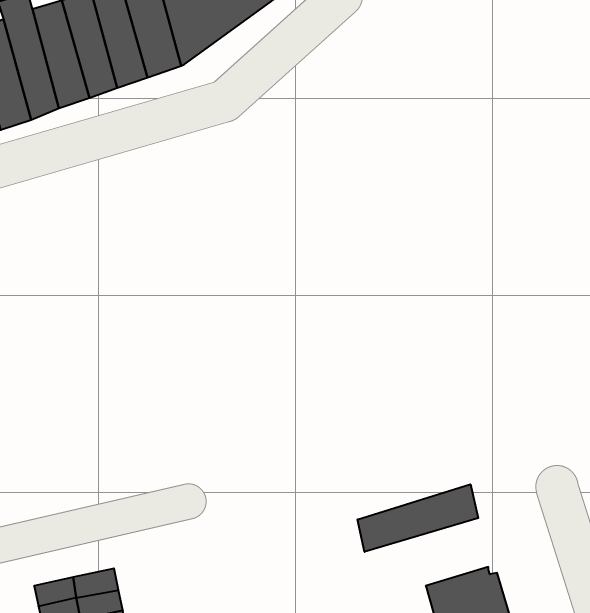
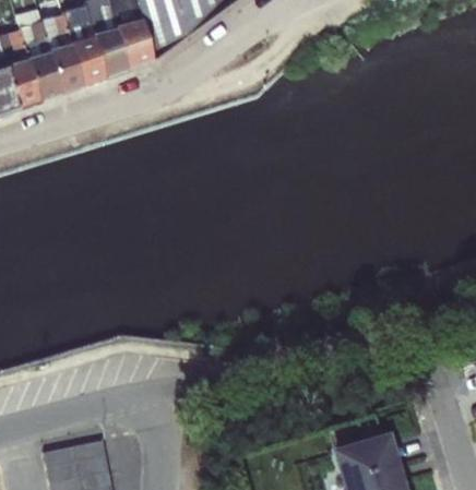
building: [358,484,478,552] -> none

